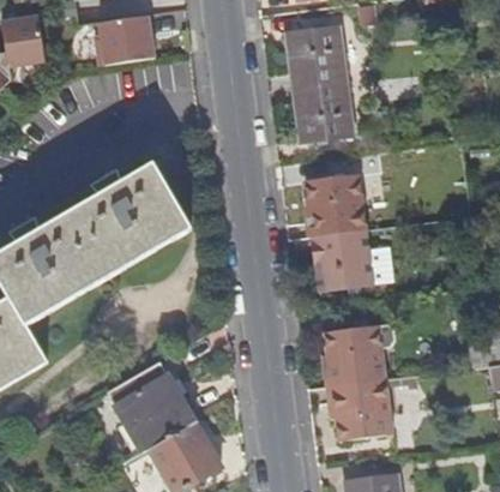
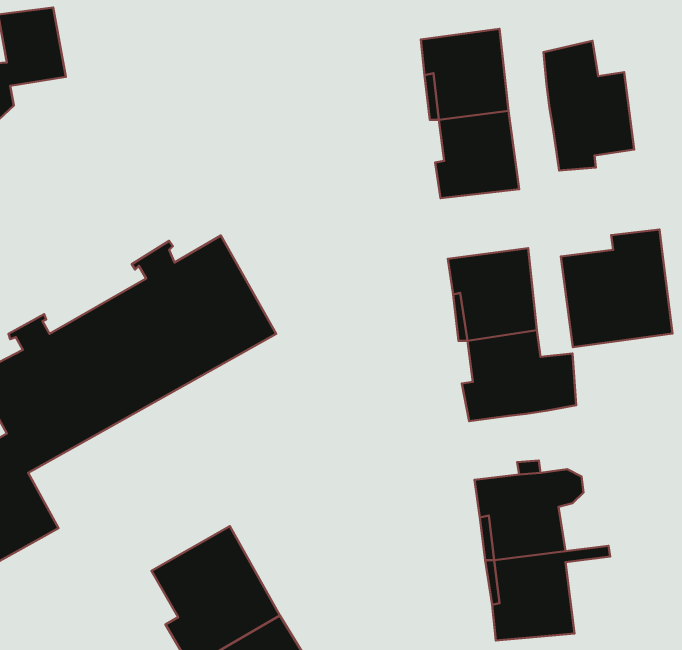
building: [107,14,162,61] -> none
building: none -> [543,41,634,171]
building: none -> [561,229,672,347]

